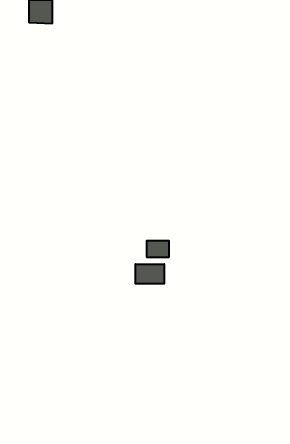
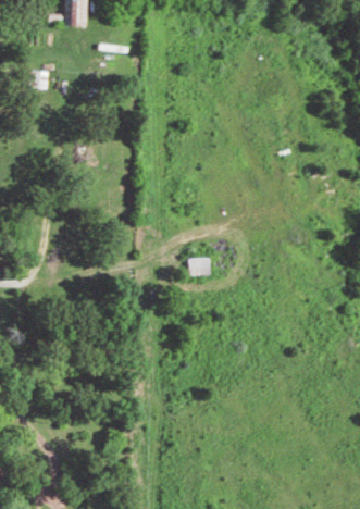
building: [135,264,164,284] -> none

